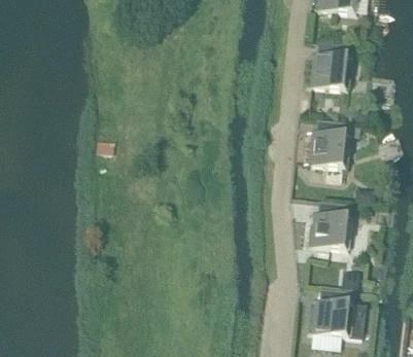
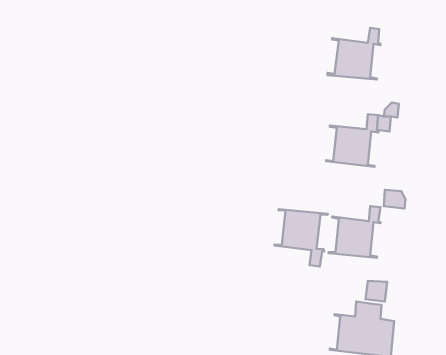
building: none -> [274,209,328,266]

